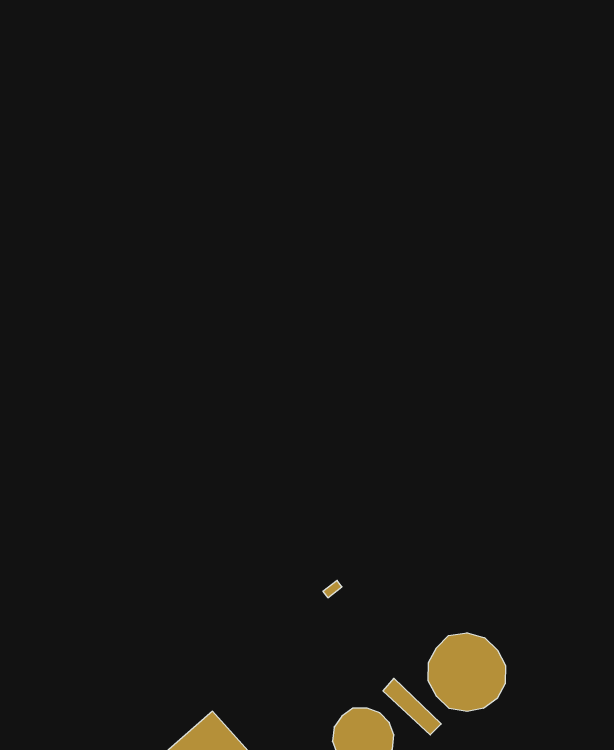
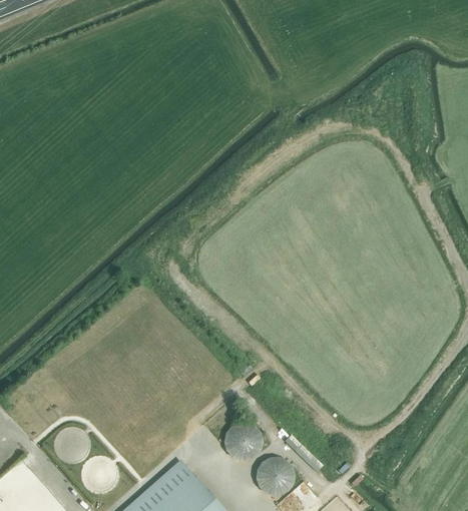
building: [428,633,506,711] -> none
building: none -> [223,423,263,462]

